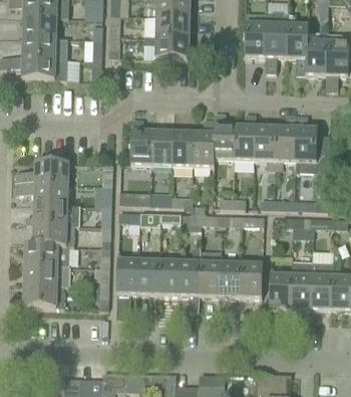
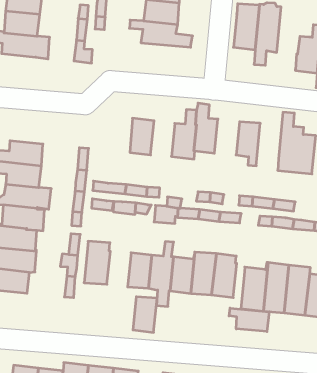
building: [286,14,308,73] -> none
building: [233,114,255,160] -> none
building: [274,116,296,169] -> none
building: [129,120,151,165] -> none
building: [171,133,193,166] -> none
building: [138,261,159,294] -> [133,297,157,332]
building: none -> [229,308,269,332]

